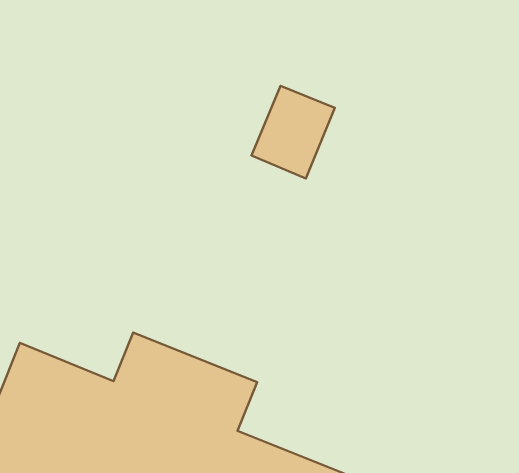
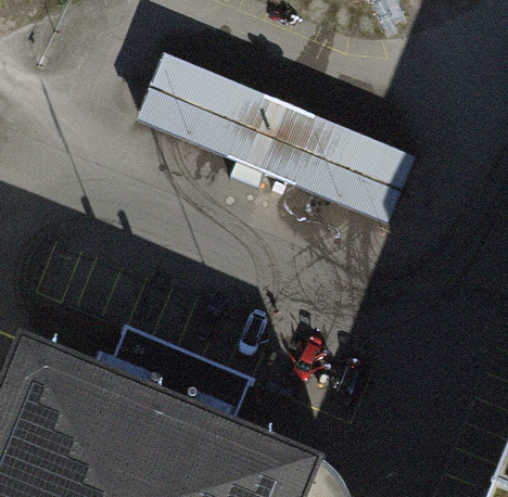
building: none -> [137,54,265,162]
building: none -> [289,117,417,226]

